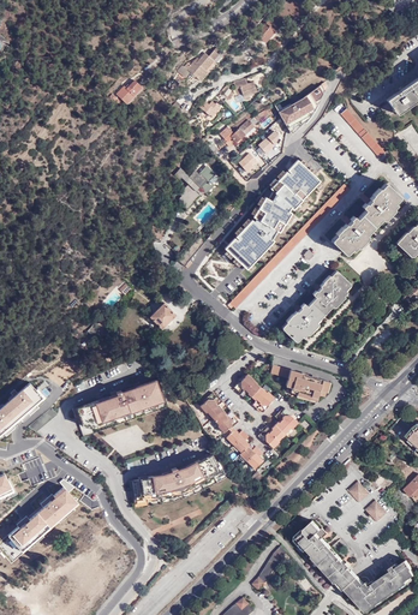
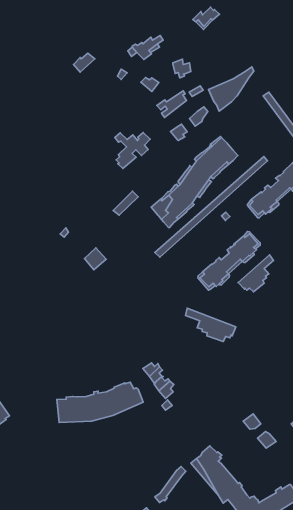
building: none -> [238,255,274,292]
building: [233,375,274,413] -> none
building: [73,380,168,437] -> none
building: [199,393,239,434] -> none
building: [257,408,297,448] -> none

